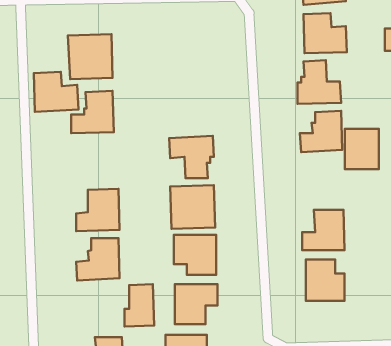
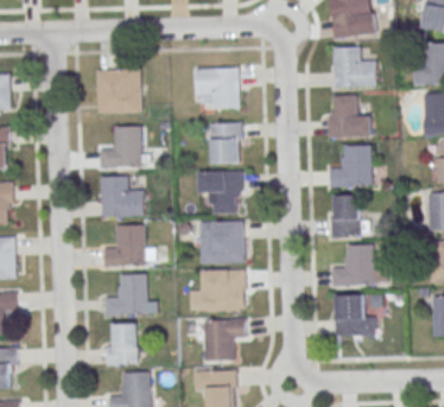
building: none -> [196,68,239,108]
building: [34,72,78,112] -> [100,176,145,216]
building: none -> [211,122,241,164]
building: [345,129,379,169] -> [330,195,364,235]
building: [125,284,154,327] -> [108,320,138,363]

